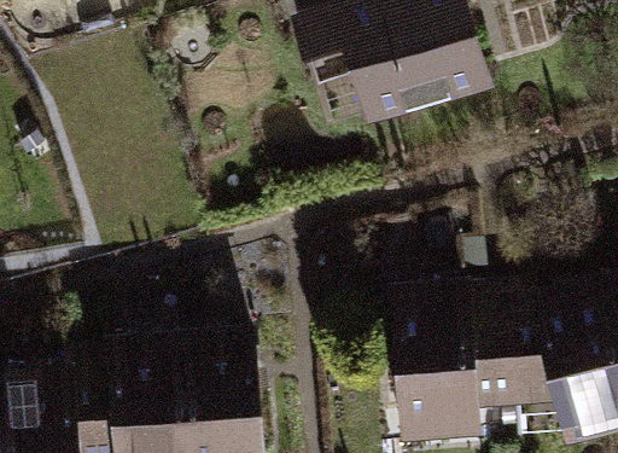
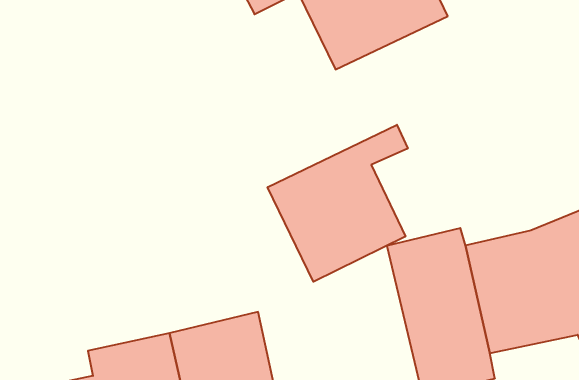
building: none -> [268,125,408,282]

